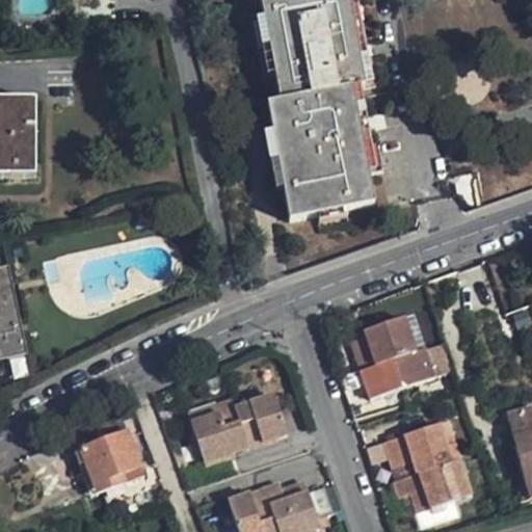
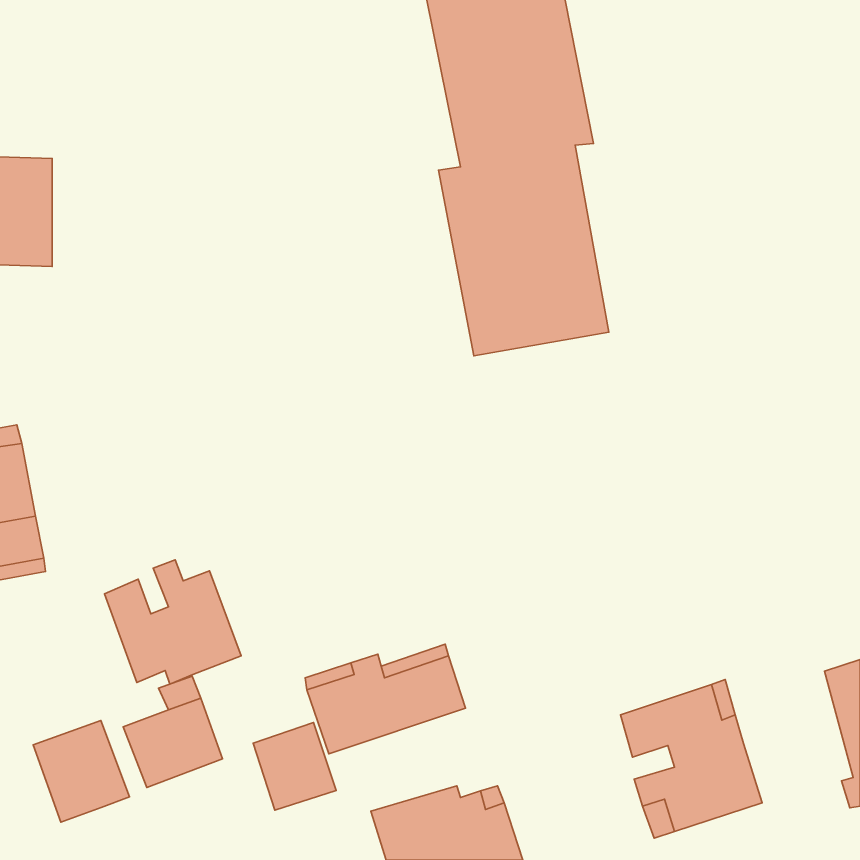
building: [350,315,455,397] -> none
building: none -> [104,560,241,684]
building: none -> [33,721,129,822]
building: none -> [253,722,336,810]

